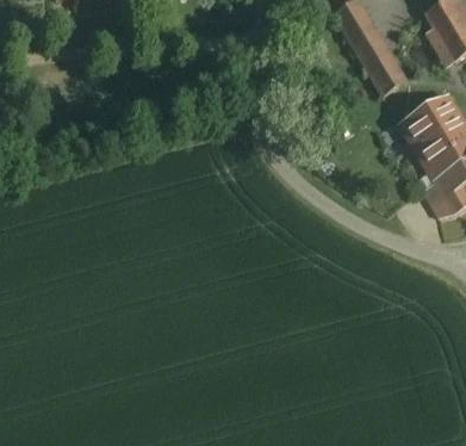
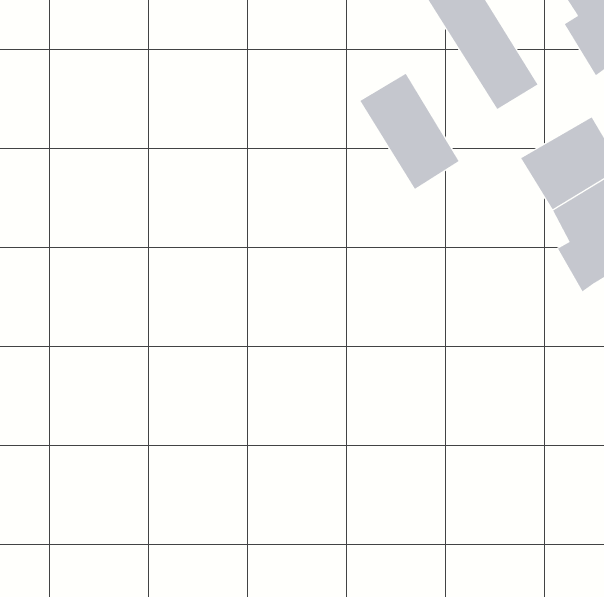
building: none -> [360,73,460,190]

